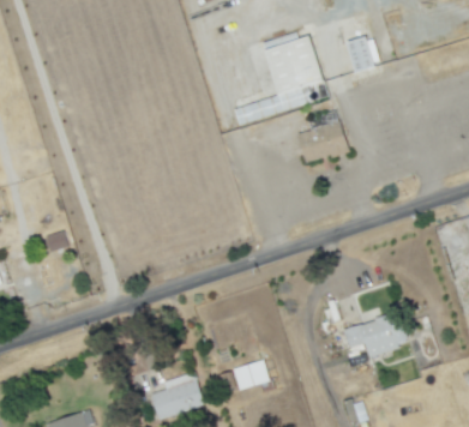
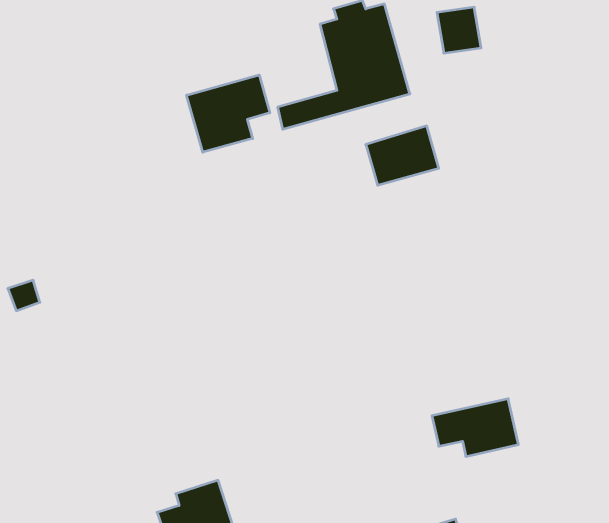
building: none -> [187,75,270,152]
building: [229,360,266,390] -> none

